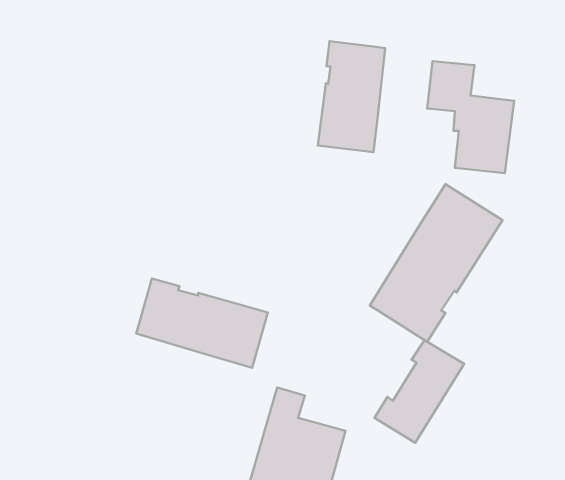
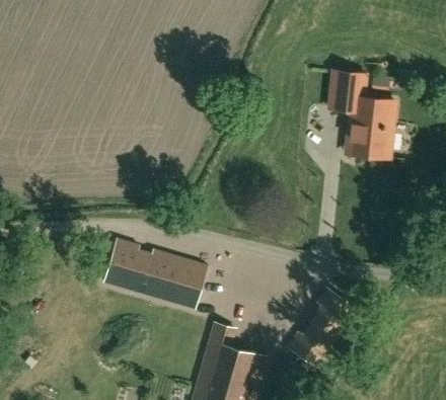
building: [318,41,385,152] -> none
building: [370,184,503,342] -> none

